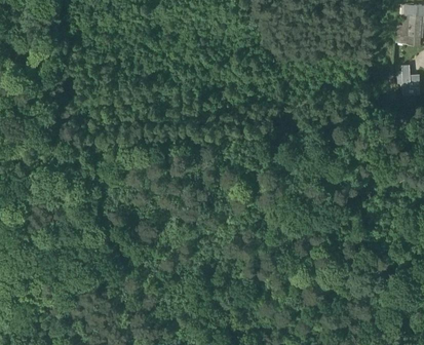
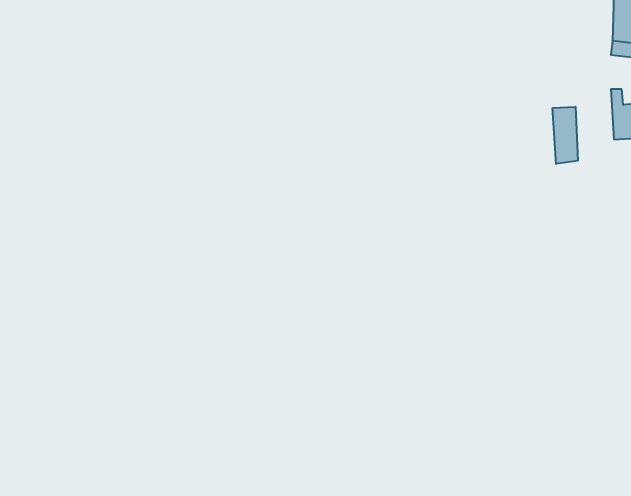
building: none -> [553,107,578,164]

